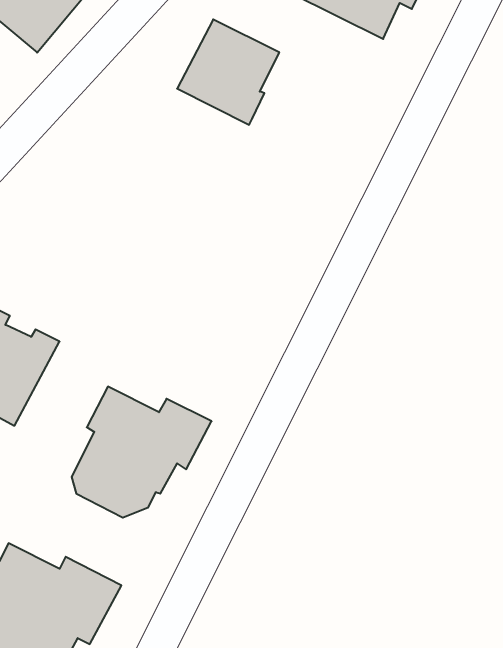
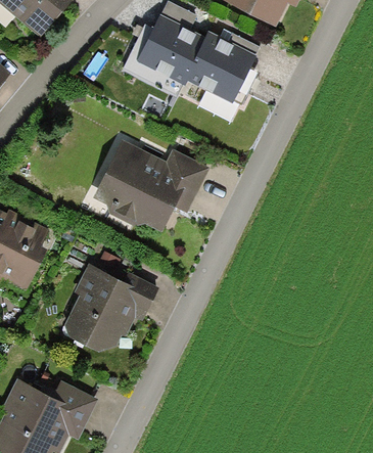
building: none -> [186,32,255,103]
building: none -> [92,139,208,232]

